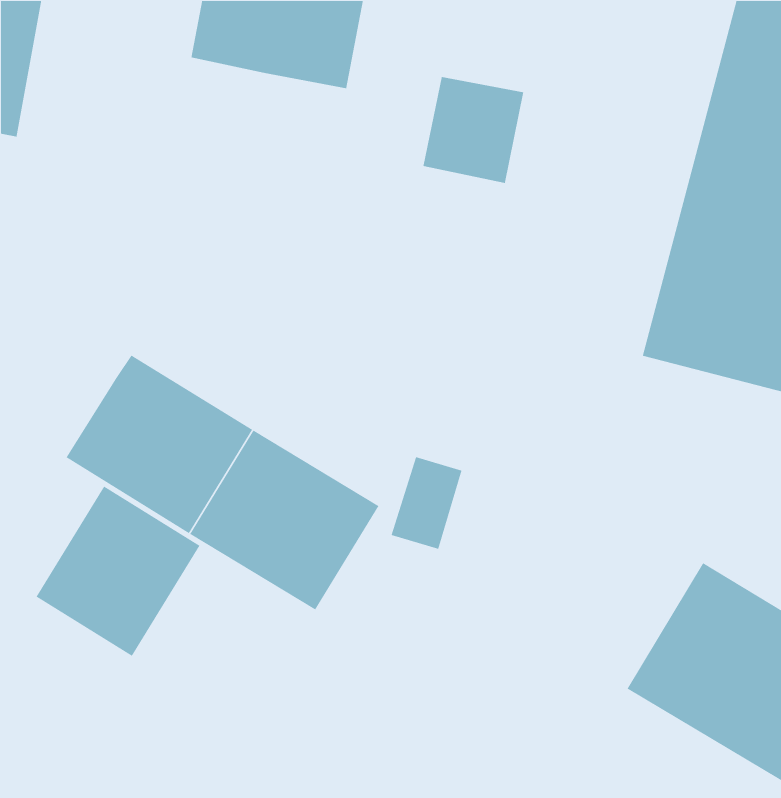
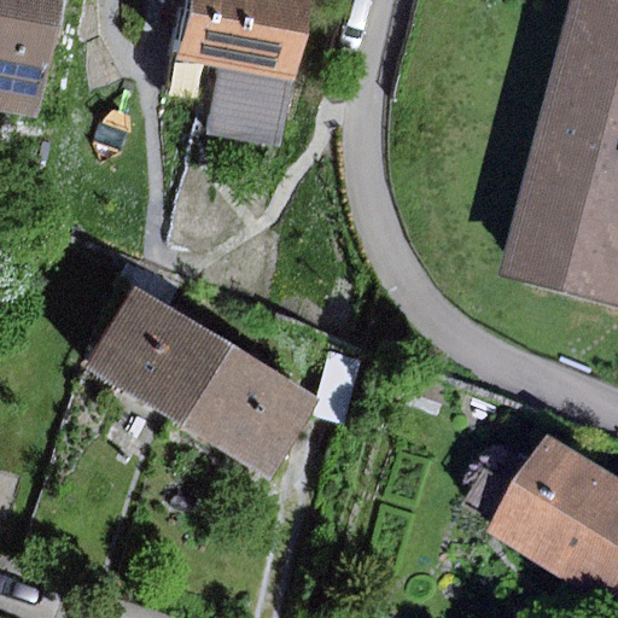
building: [423,76,524,184] -> [203,57,281,140]
building: [35,485,201,657] -> none

